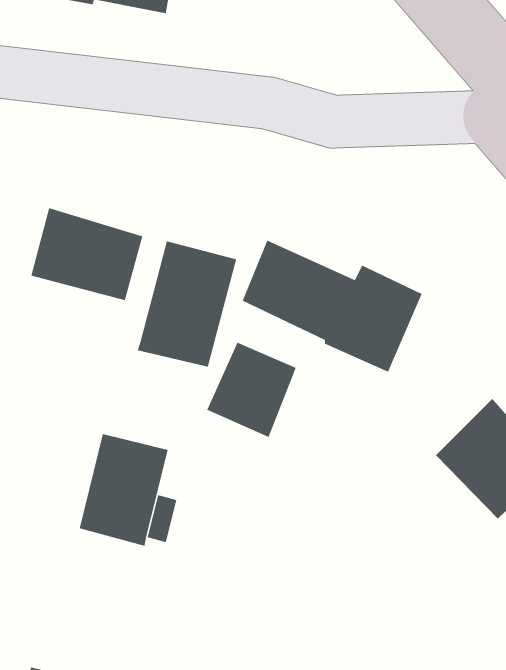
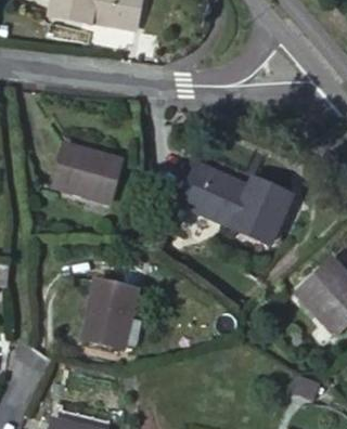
building: [137,240,237,368] -> none
building: [207,342,296,438] -> none

